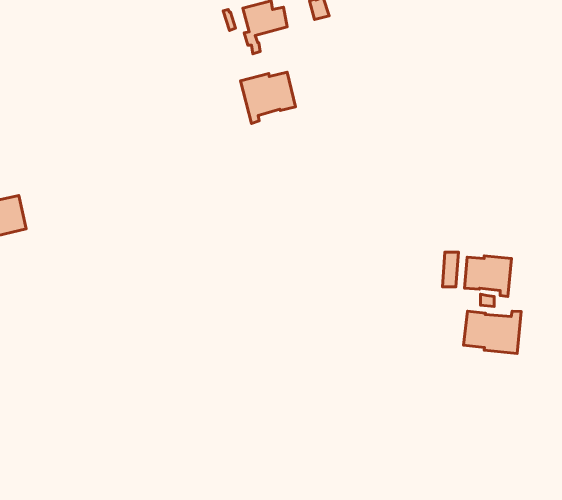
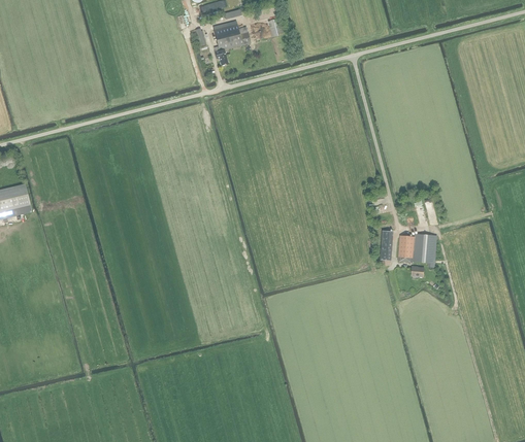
building: [240,72,296,124] -> none
building: [464,311,521,354] -> none

